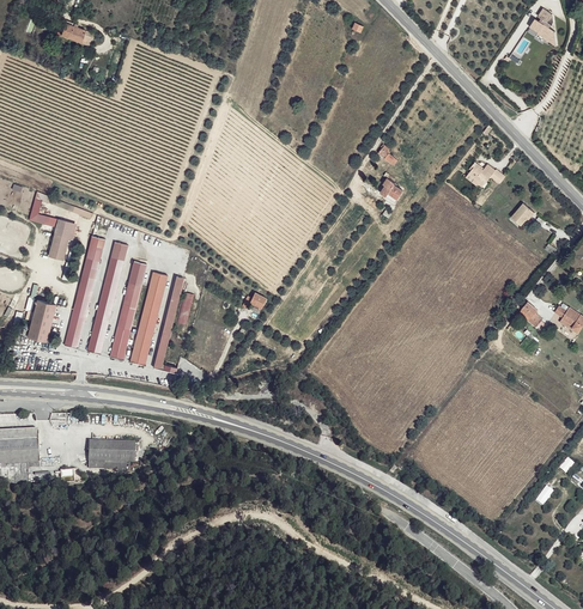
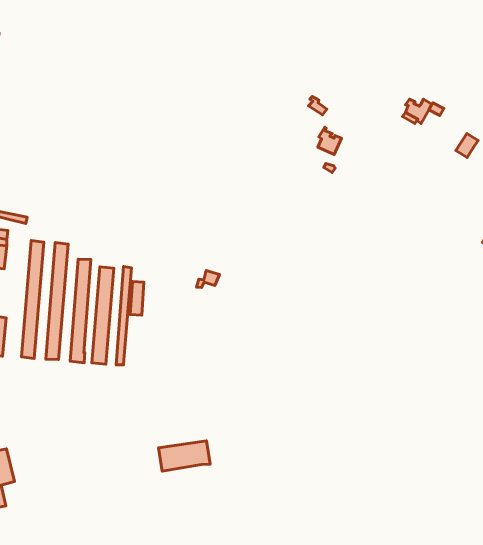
building: [87,439,134,463] -> [158,441,210,471]

